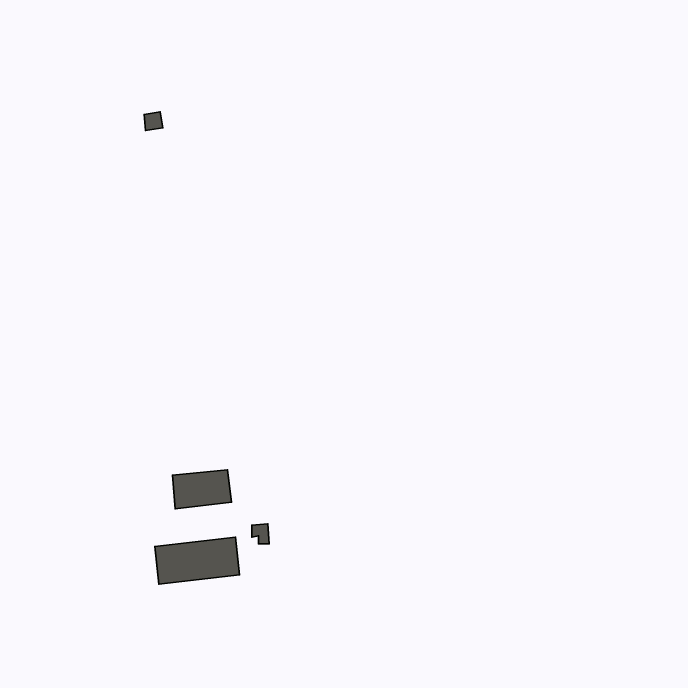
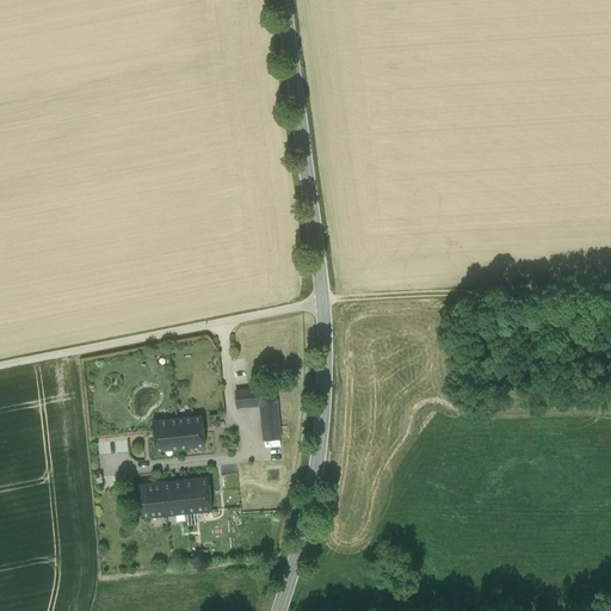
building: none -> [236,389,280,439]

